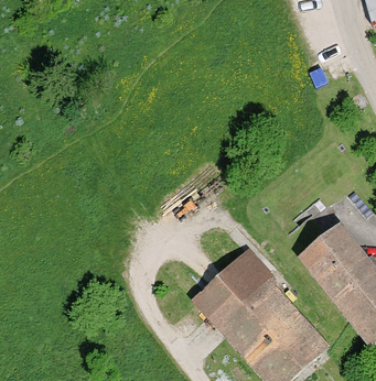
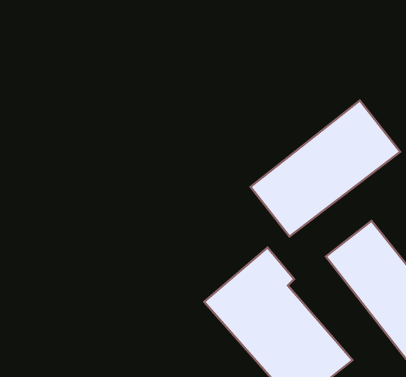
building: none -> [250,100,400,237]

